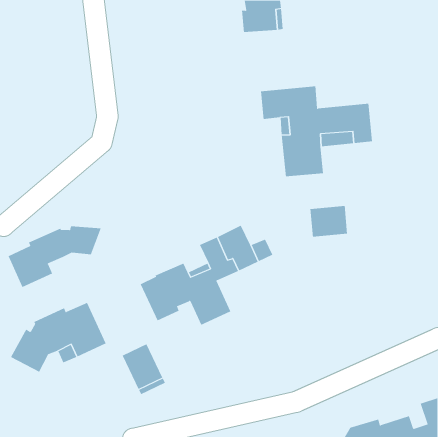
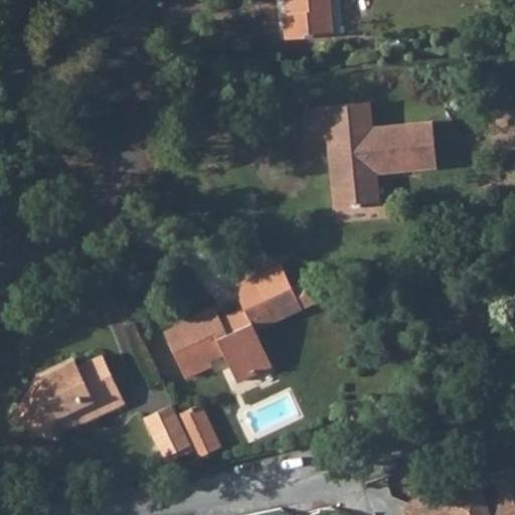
building: [310,205,347,237] -> none
building: [8,226,102,288] -> none
building: none -> [181,405,219,458]

